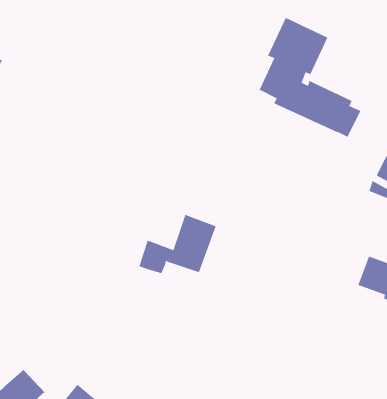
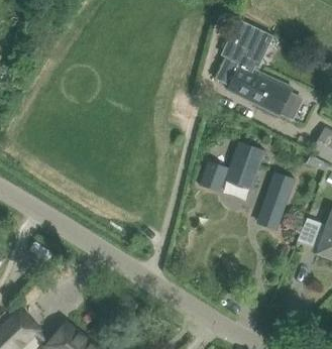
building: none -> [257,172,294,229]
building: [139,214,217,274] -> [200,140,264,190]

